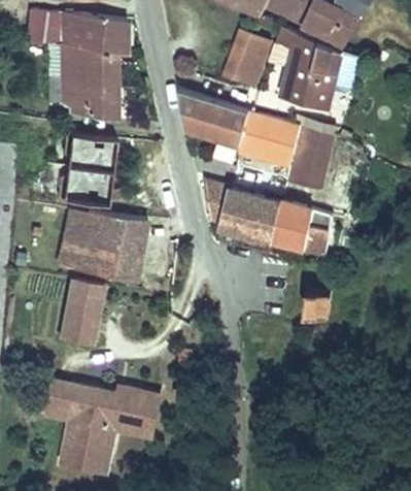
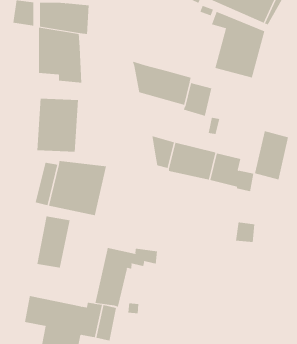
building: [232,32,273,85] -> none
building: [289,128,333,190] -> [254,131,289,180]
building: none -> [95,247,158,307]

